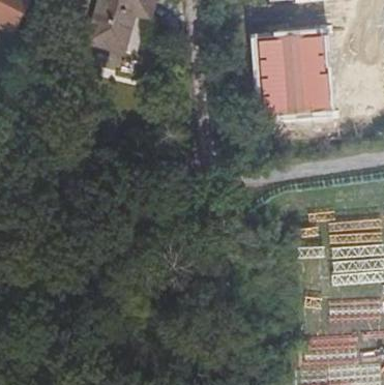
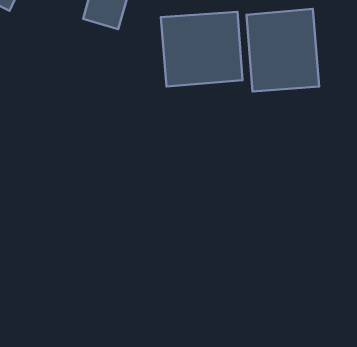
building: none -> [161,12,243,86]

